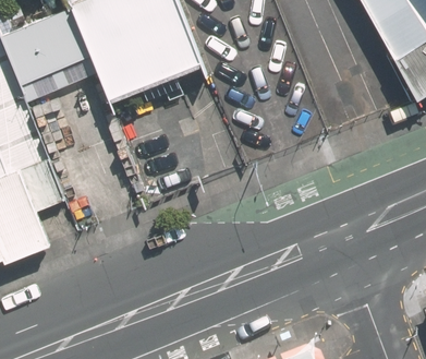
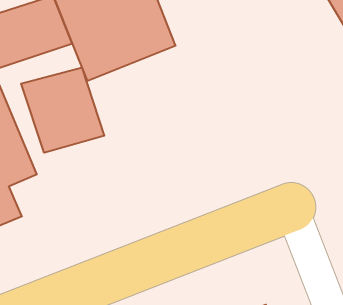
building: none -> [21,67,104,153]

